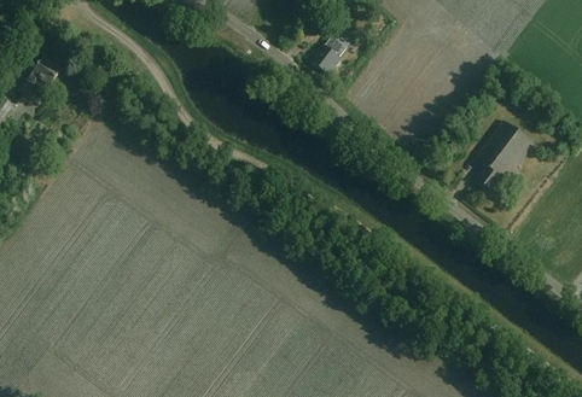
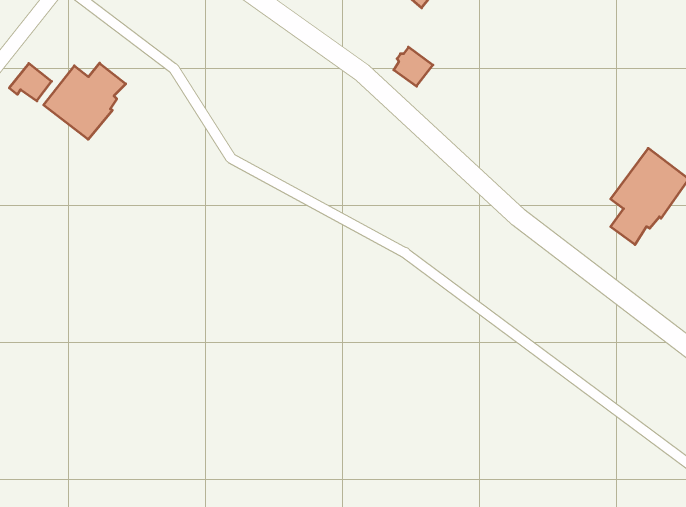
building: none -> [44,63,126,139]

